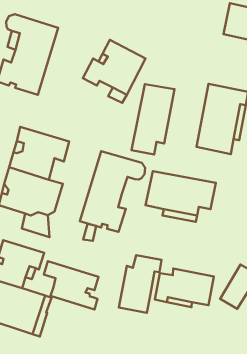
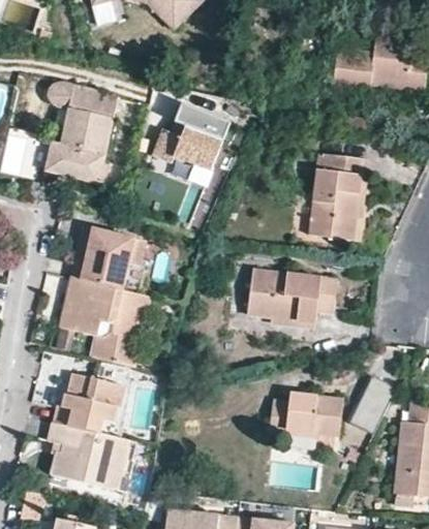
building: [132,84,174,154] -> none
building: [80,151,145,232] -> none
building: [119,255,162,313] -> none
building: [44,261,98,310] -> none

